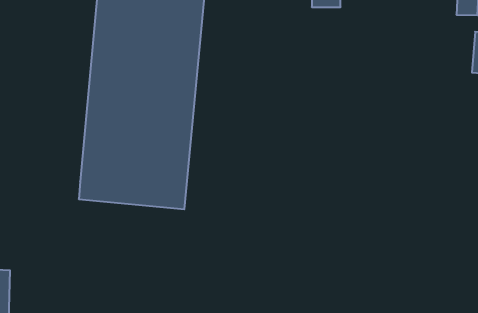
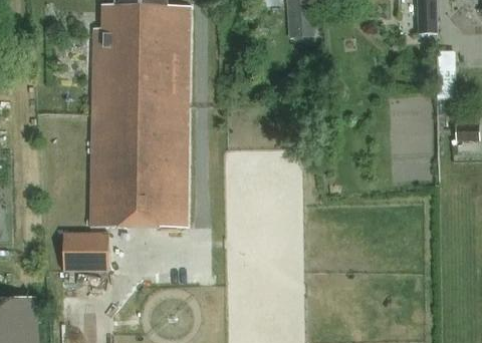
building: none -> [61,234,107,270]

